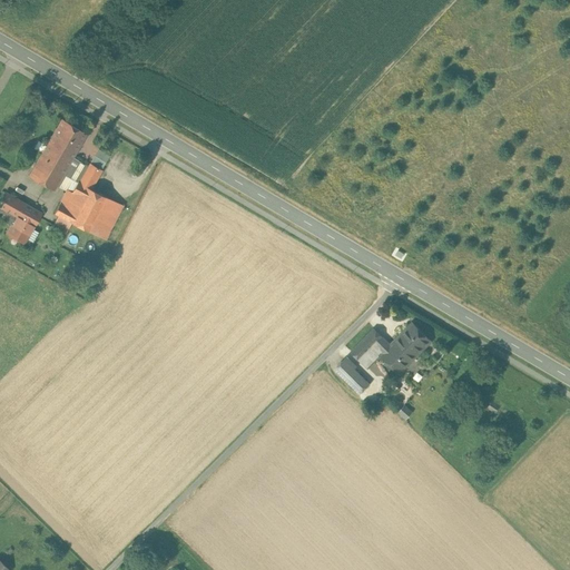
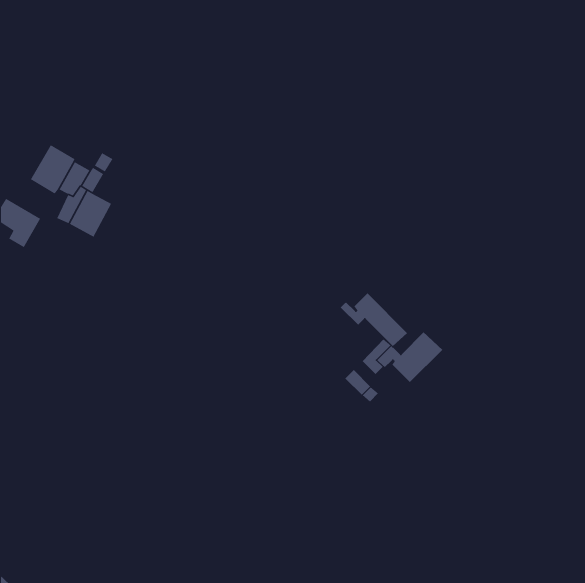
building: [49,119,87,156] -> none
building: [91,199,122,240] -> none
building: none -> [340,293,408,347]

